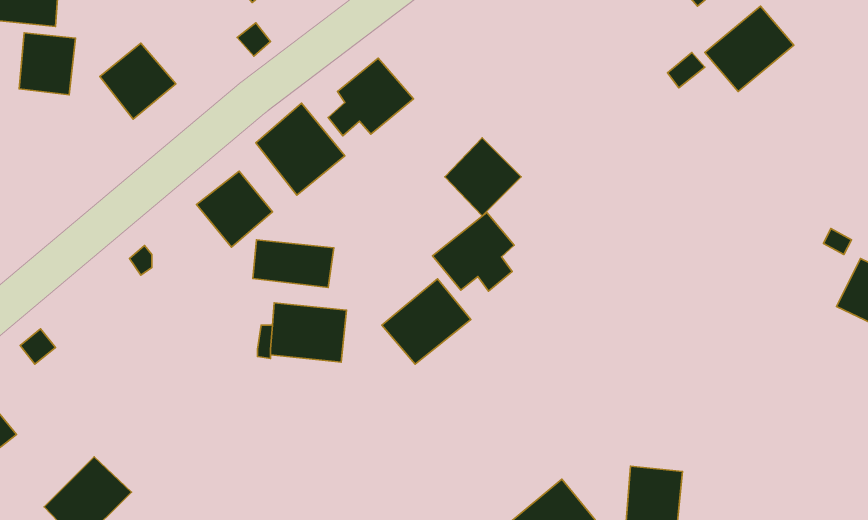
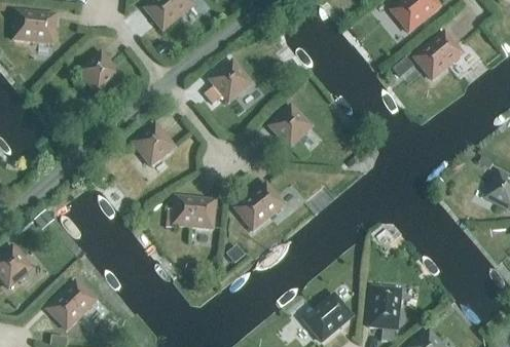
building: [19,33,76,95] -> none
building: [256,103,345,195] -> none
building: [432,212,514,291] -> none
building: [253,240,334,287] -> none

